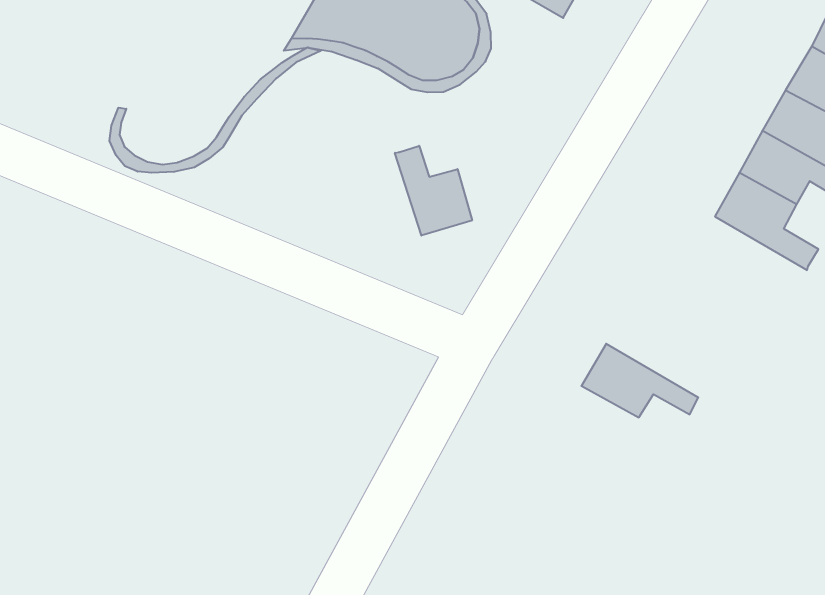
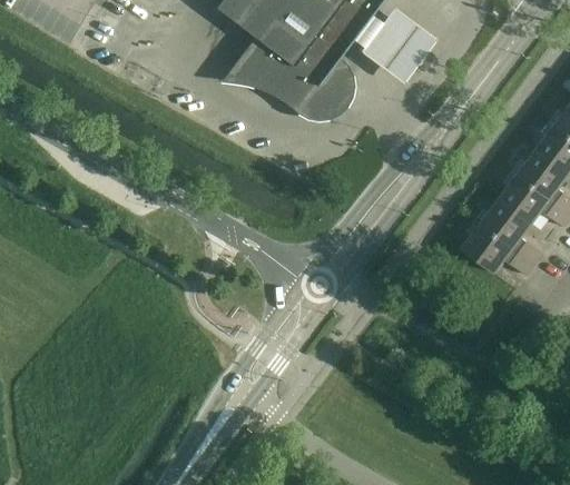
building: [110,47,321,173] -> none
building: [395,146,472,236] -> none
building: [581,344,698,417] -> [462,222,534,274]

